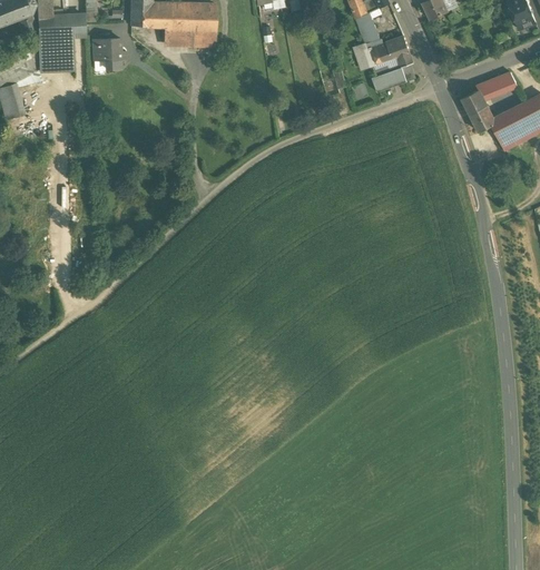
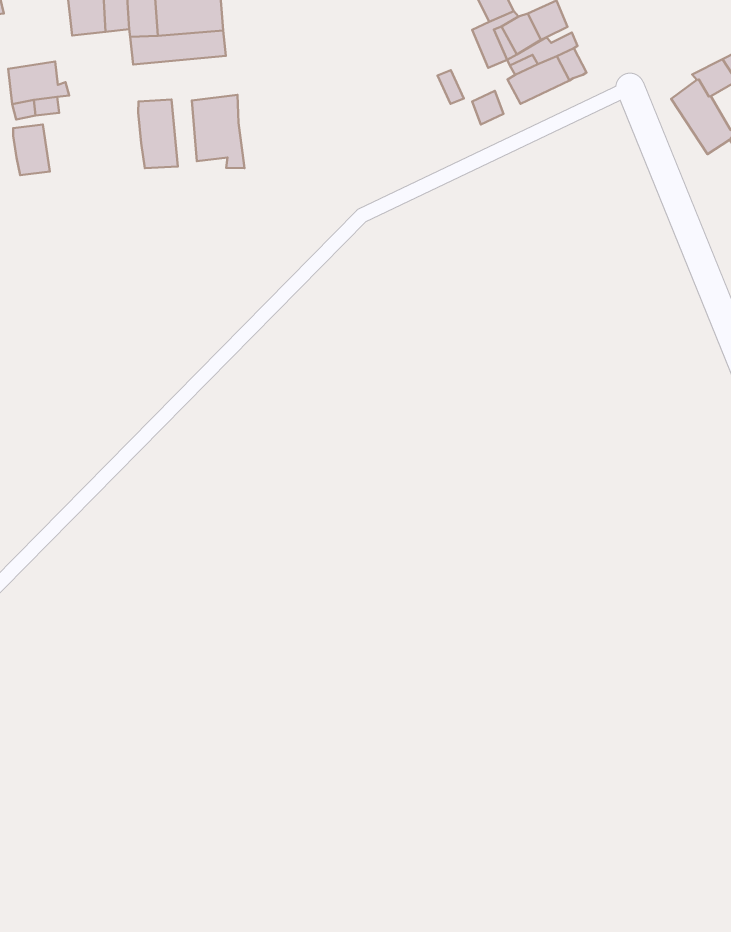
building: none -> [138,100,178,168]
building: none -> [192,95,244,168]
building: none -> [13,125,50,175]

